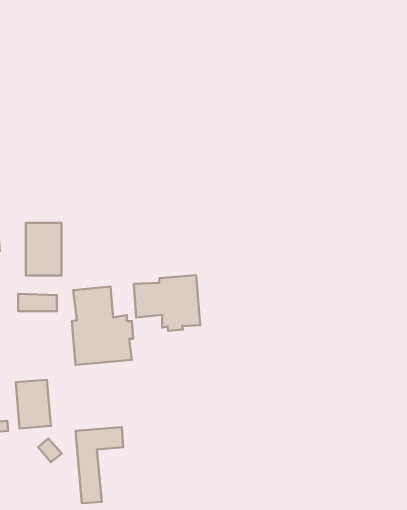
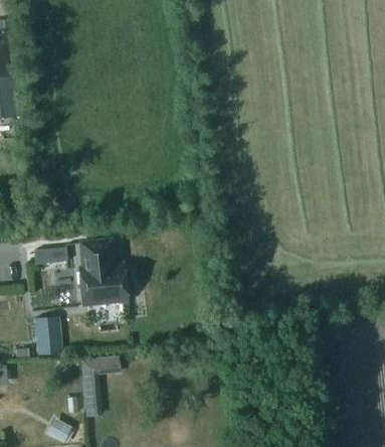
building: [26,223,61,275] -> none
building: [134,275,200,331] -> none

